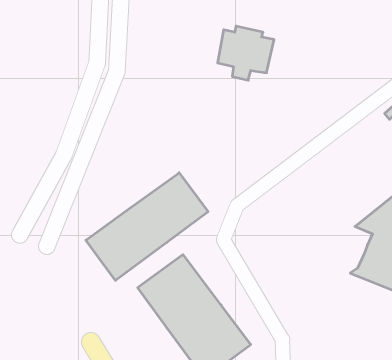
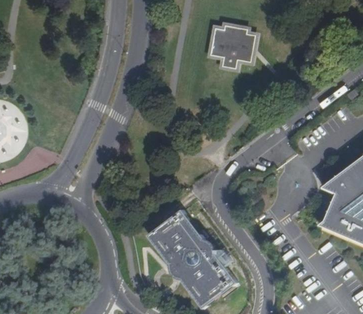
building: [86,173,208,280] -> none

